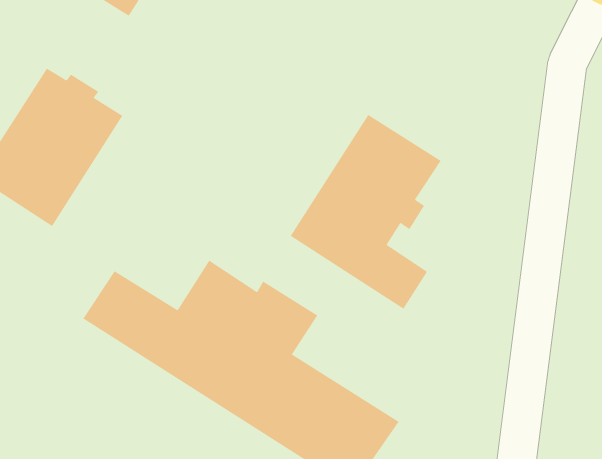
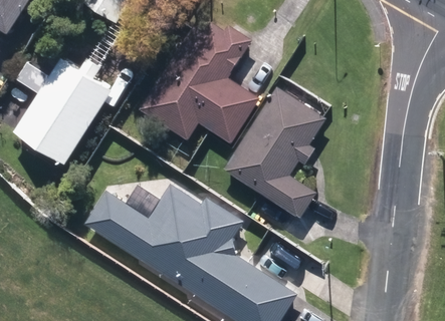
building: none -> [138,22,258,143]

